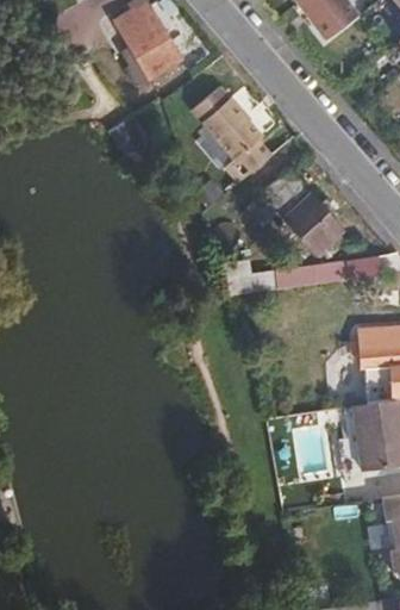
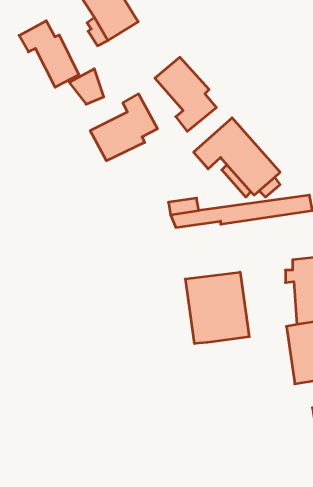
building: none -> [19,21,79,87]
building: none -> [90,94,157,161]
building: none -> [185,272,249,344]

